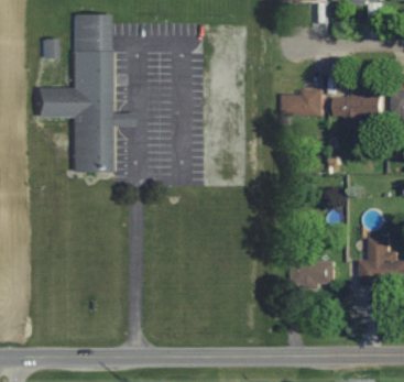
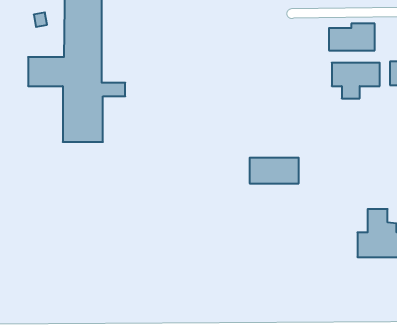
building: [279,89,324,116] -> [329,24,375,50]
building: [287,262,336,287] -> [250,158,299,183]

